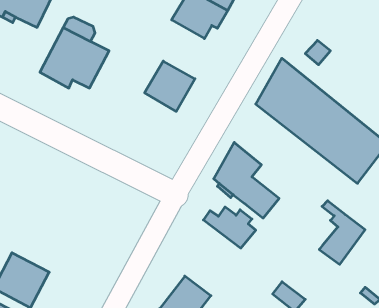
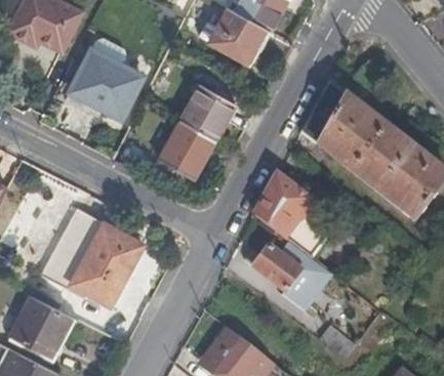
building: none -> [157,122,214,181]
building: none -> [47,211,150,308]
building: [319,201,365,264] -> [281,244,331,314]

